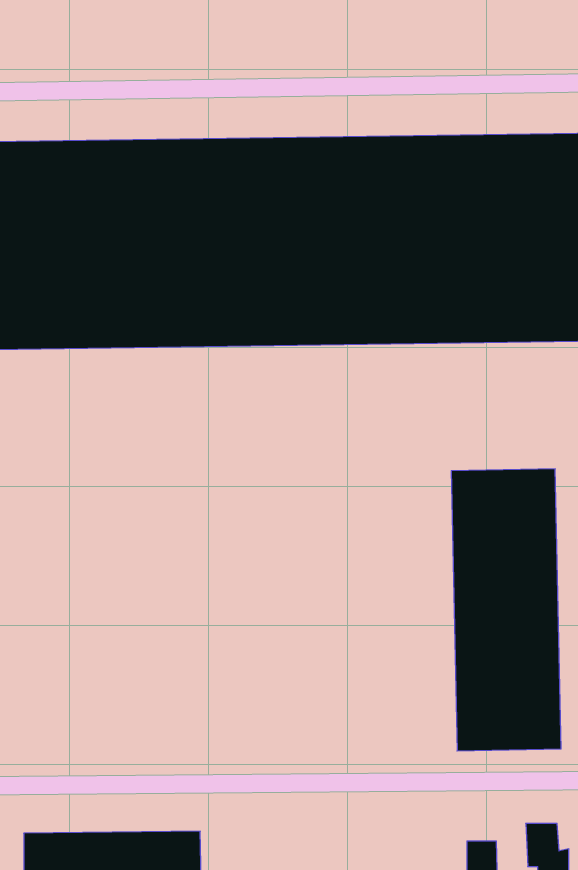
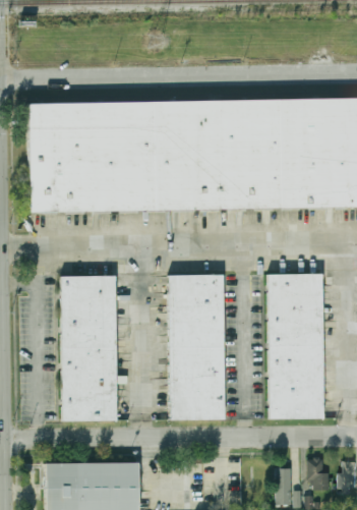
building: none -> [170,275,224,420]
building: none -> [60,276,116,421]

